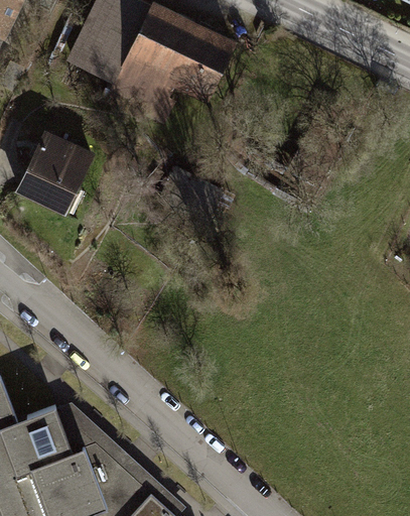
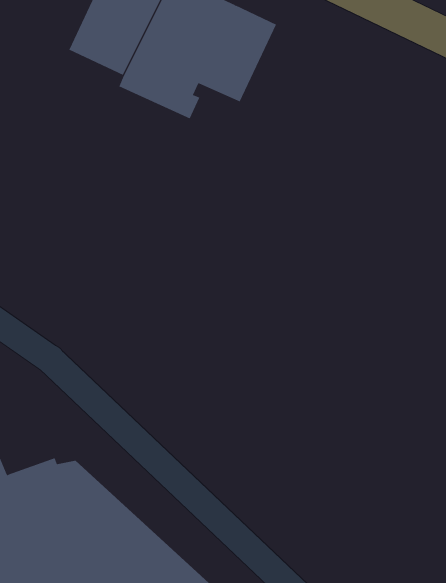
building: [16,136,92,221] -> none

